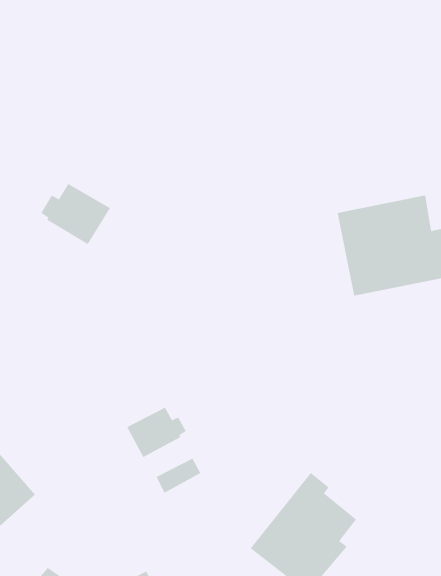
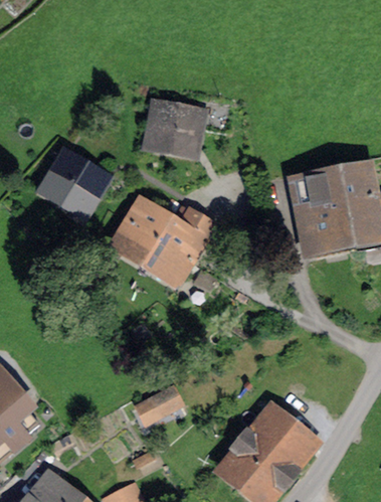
building: none -> [150,109,203,150]
building: none -> [117,205,210,281]
building: [126,407,187,458] -> none

